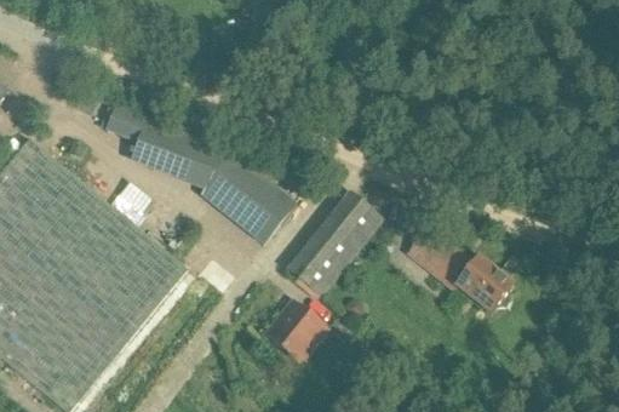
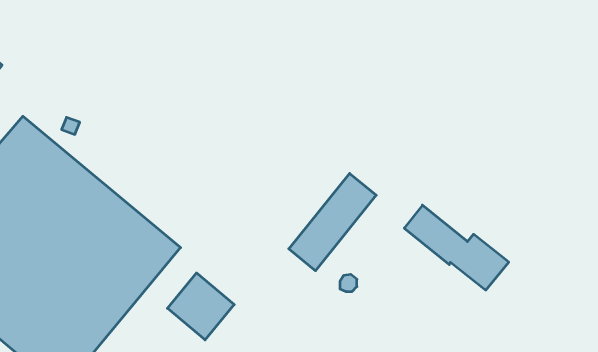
building: [99,102,297,241] -> none
building: [263,296,329,362] -> [167,273,234,340]

